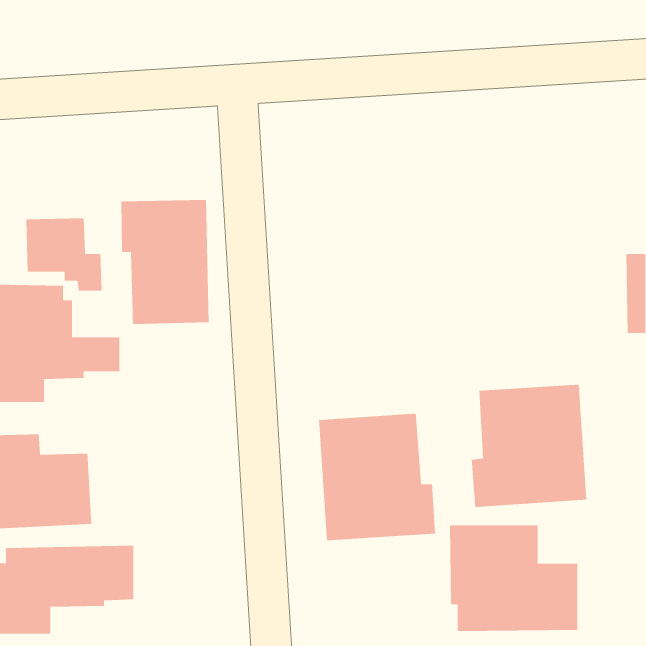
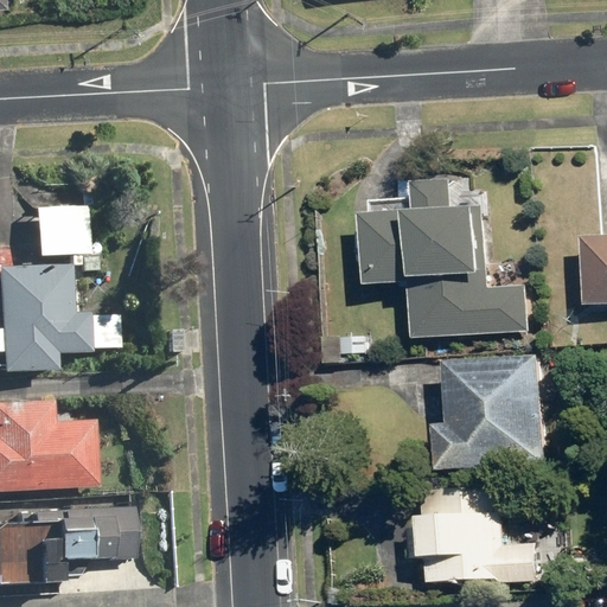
building: none -> [357,179,528,338]
building: [121,199,209,325] -> none
building: [318,413,436,541] -> none

